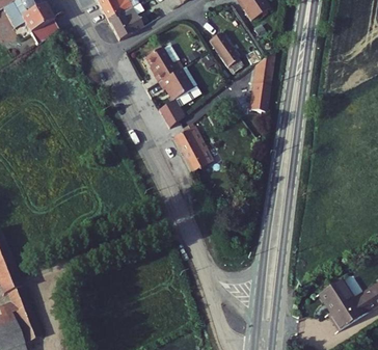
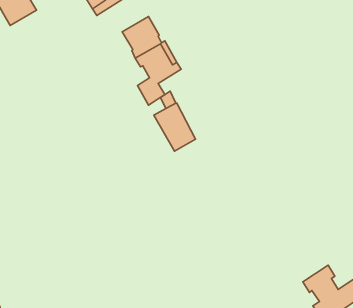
building: [209,31,241,66] -> none
building: [247,52,275,114] -> none

